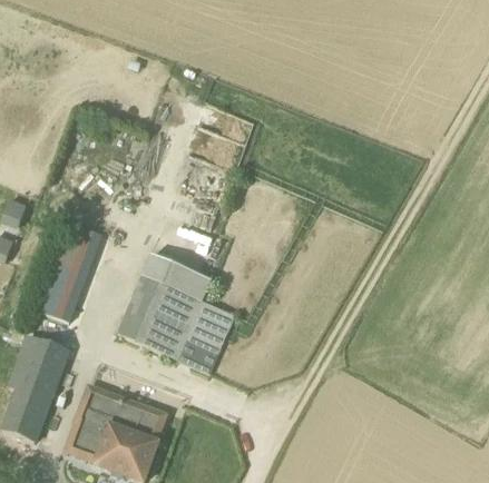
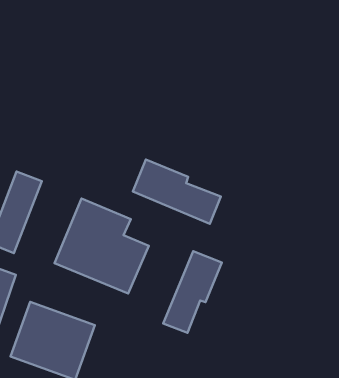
building: none -> [133,159,221,224]
building: none -> [163,251,222,333]

